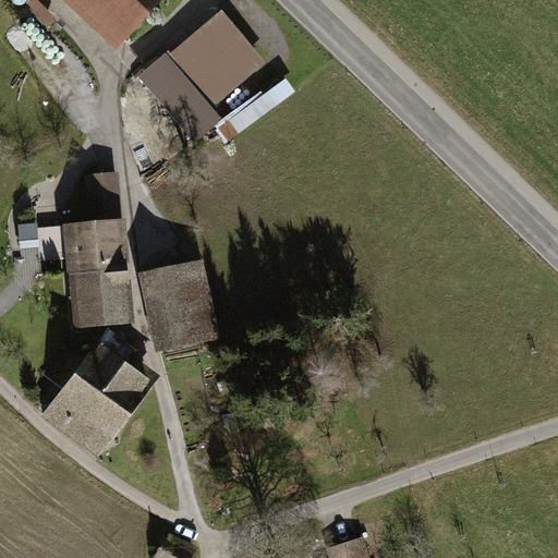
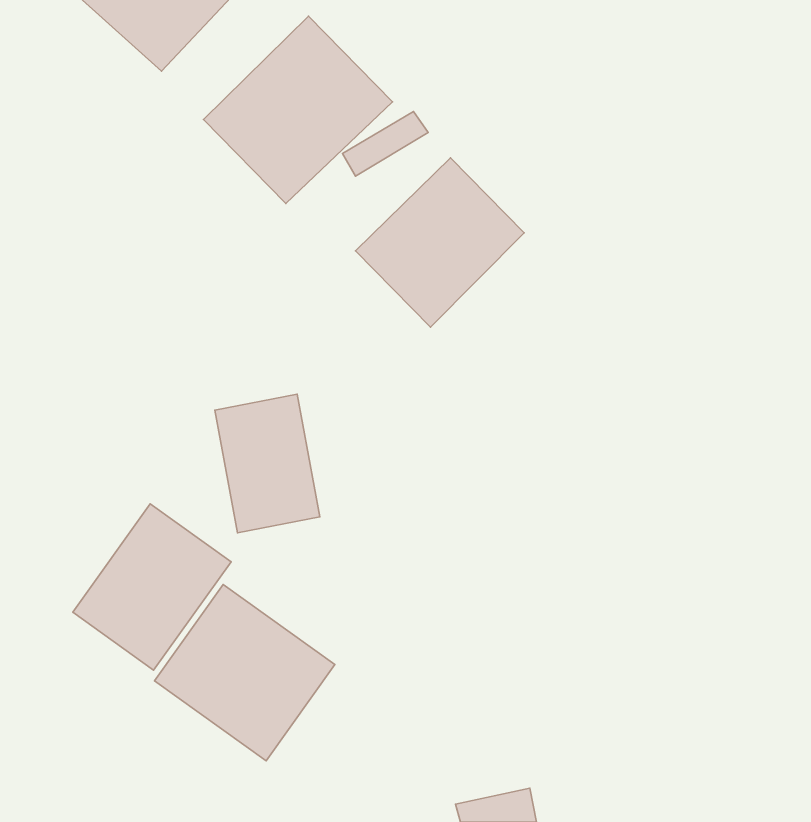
building: none -> [356,158,524,327]
building: [61,166,134,328] -> none
building: none -> [155,585,335,761]

